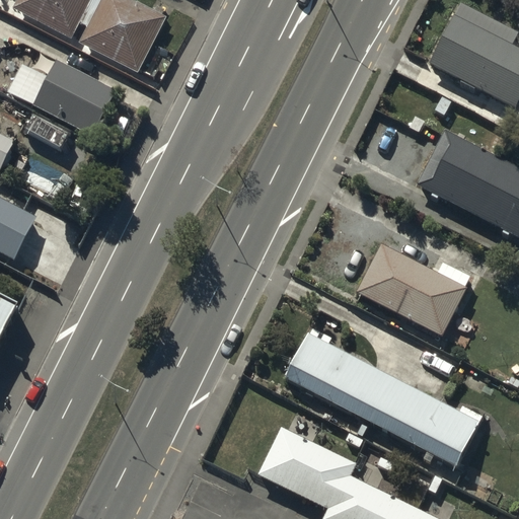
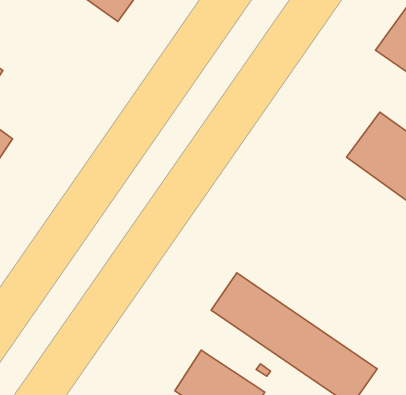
building: [32,60,118,137] -> none
building: [356,244,472,337] -> none

